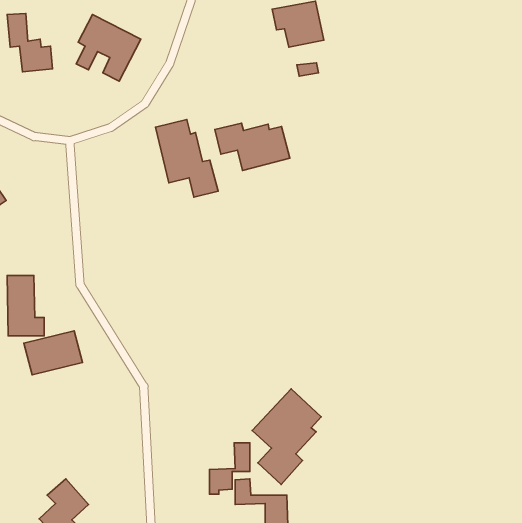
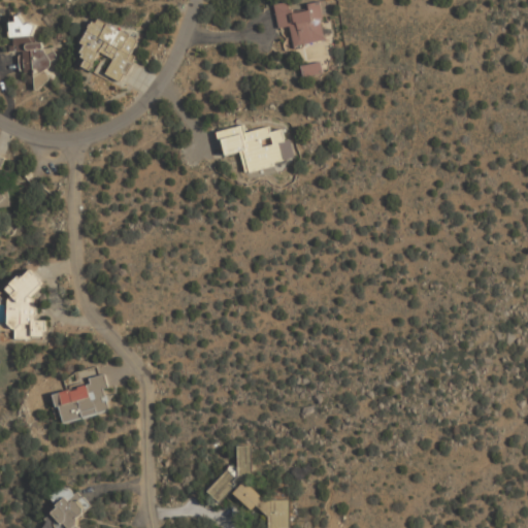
building: [156,120,218,197] -> none
building: [24,331,82,375] -> [52,380,110,424]
building: [252,389,321,484] -> none

